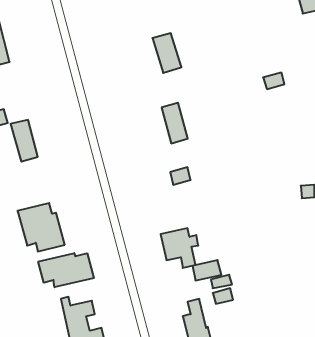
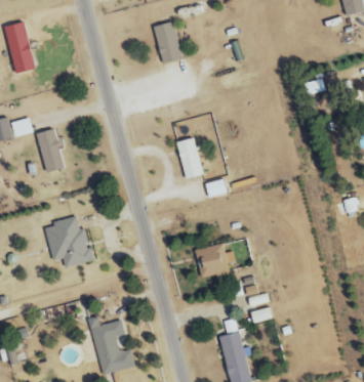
building: [152,33,182,73] -> [152,20,183,62]
building: [162,103,188,143] -> [175,136,203,179]
building: [38,253,94,287] -> none

